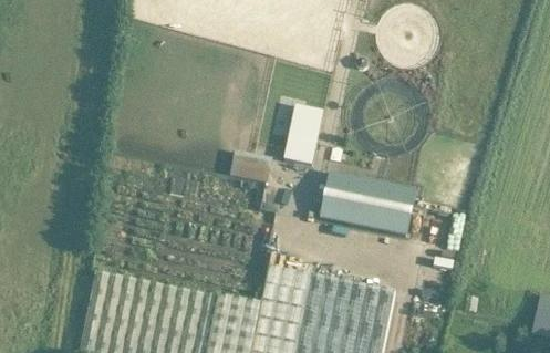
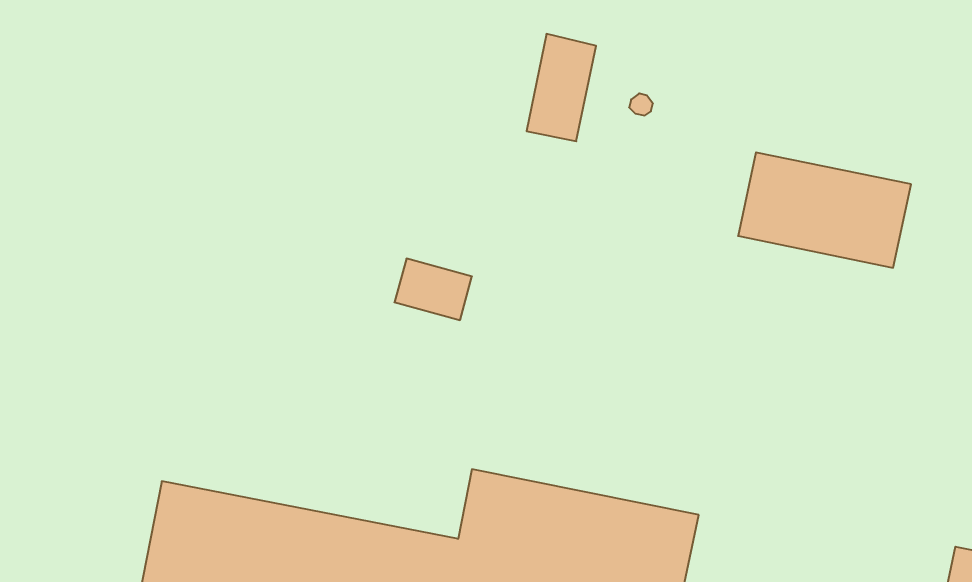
building: [284,102,323,162] -> [527,34,596,141]
building: [320,169,416,233] -> [738,152,911,268]

